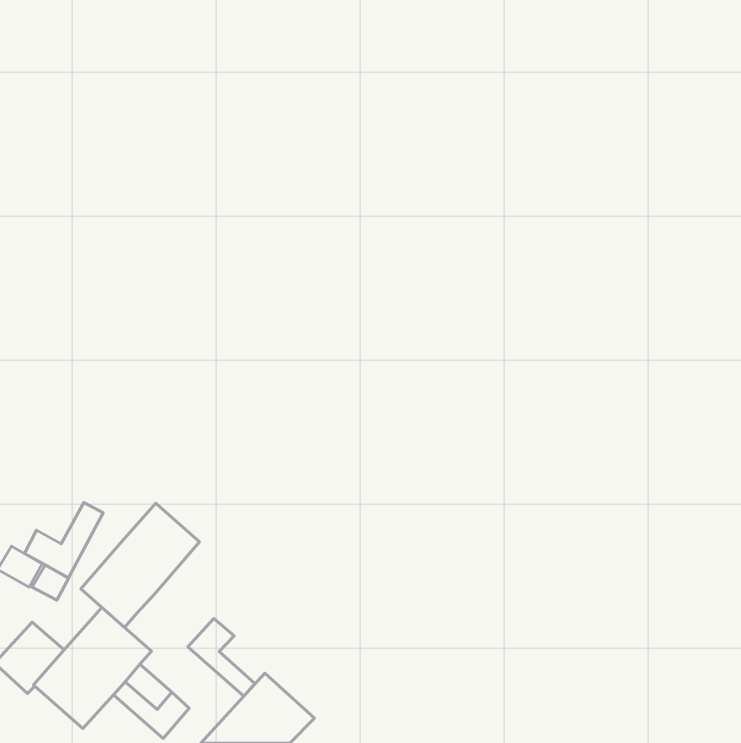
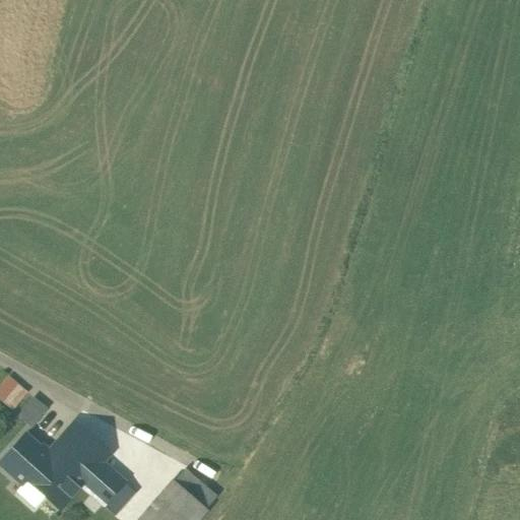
building: [24,503,103,578] -> none
building: [81,503,200,627] -> none
building: [188,618,255,696] -> none

